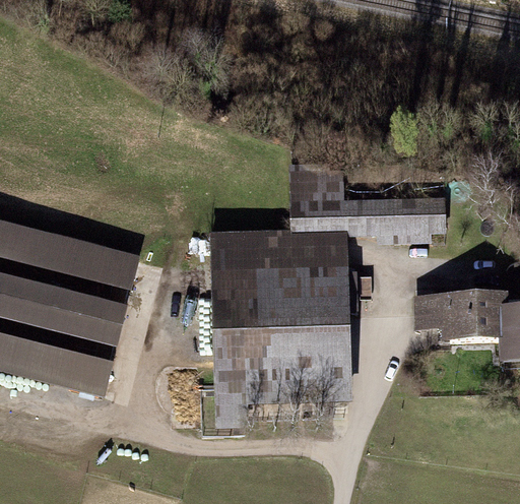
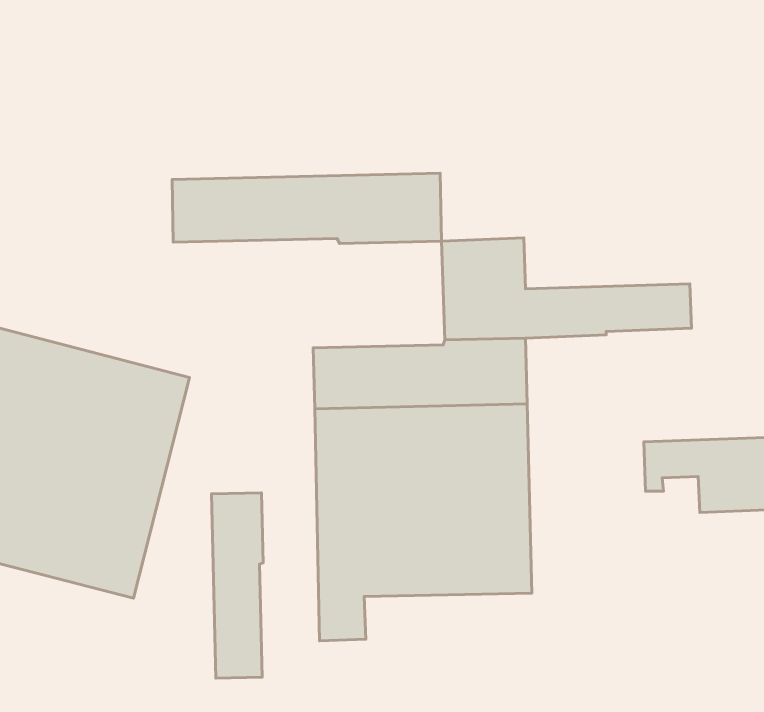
building: none -> [172,173,441,244]
building: none -> [212,493,263,678]

